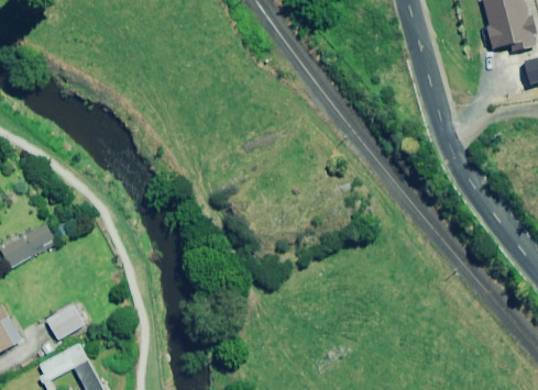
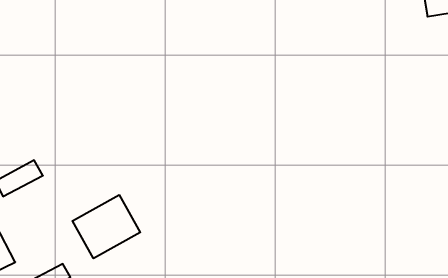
building: none -> [72,195,140,258]
building: [45,303,84,339] -> none

